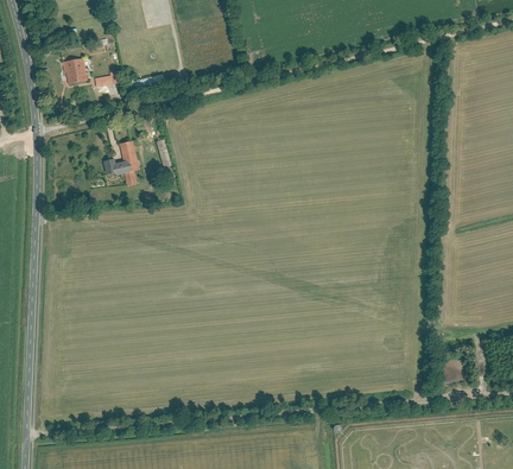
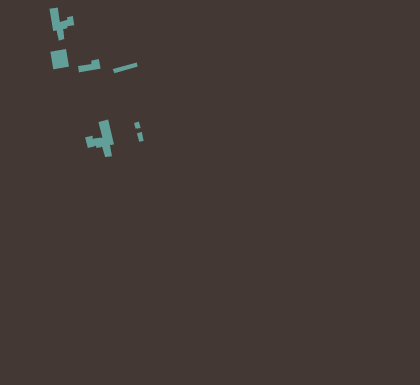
building: none -> [49,7,75,41]

